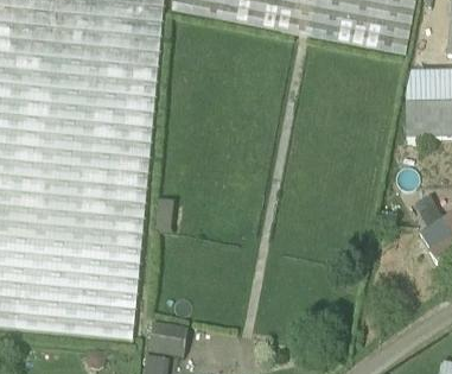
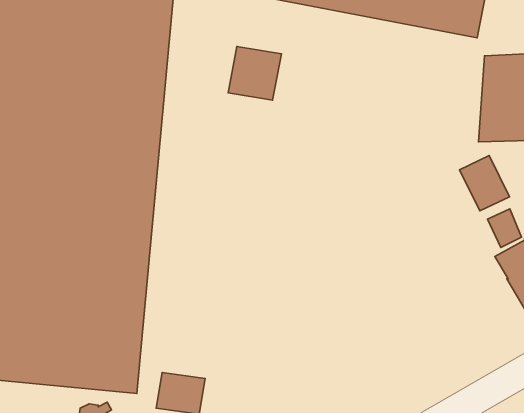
building: none -> [228,46,281,100]
building: none -> [459,156,510,211]

